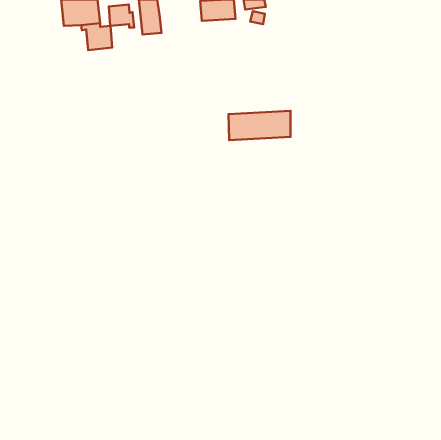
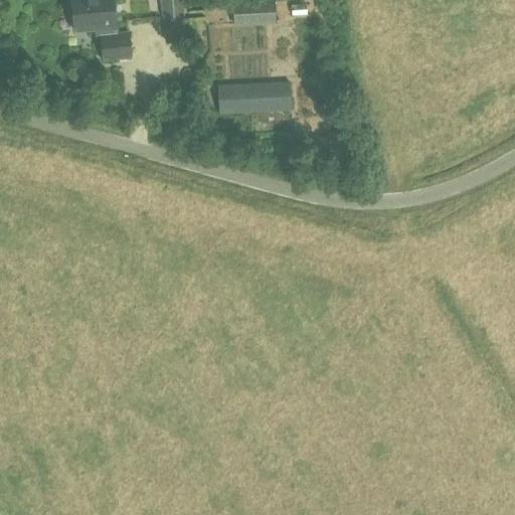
building: [109,5,134,28] -> none
building: [228,111,291,140] -> [218,79,291,114]

